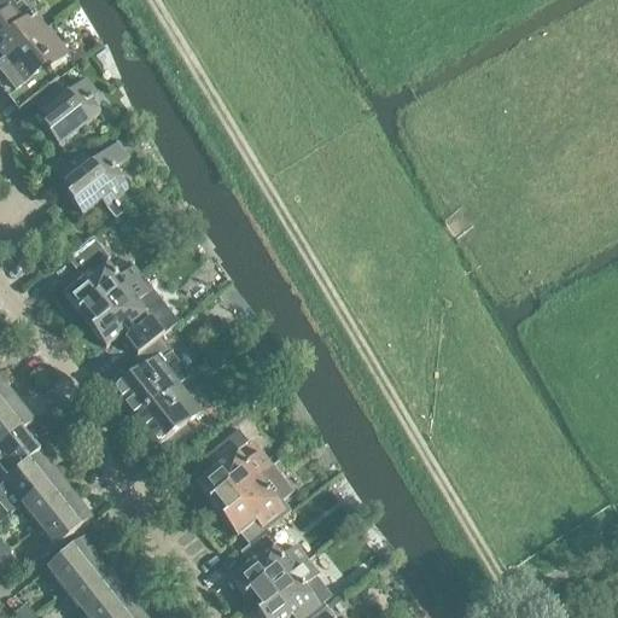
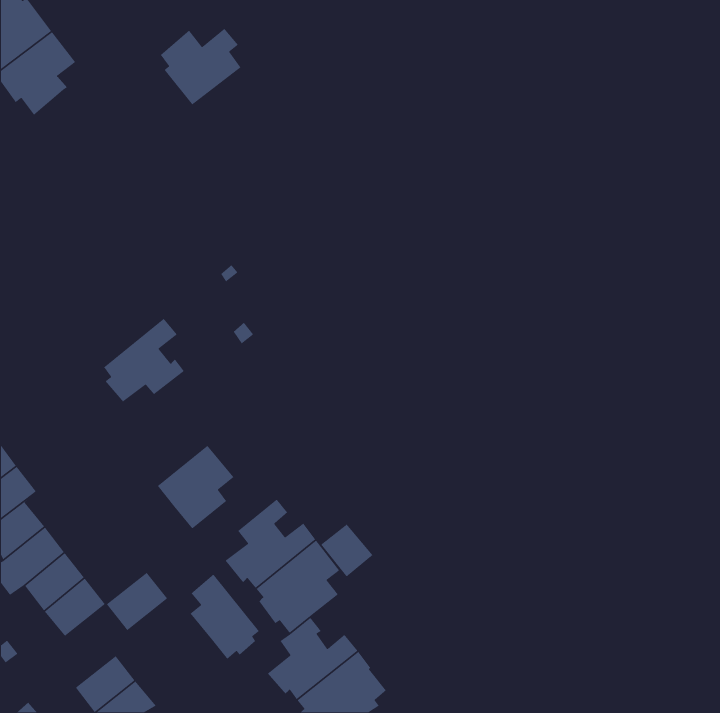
building: [30,76,100,142] -> [160,28,242,106]
building: [56,140,134,216] -> none
building: [64,234,141,314] -> none
building: [113,317,179,415] -> none
building: none -> [320,523,374,578]
building: none -> [189,574,260,660]
building: [47,537,100,588] -> [106,572,168,631]

